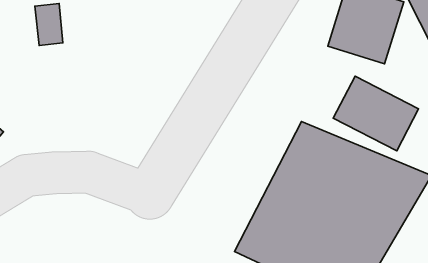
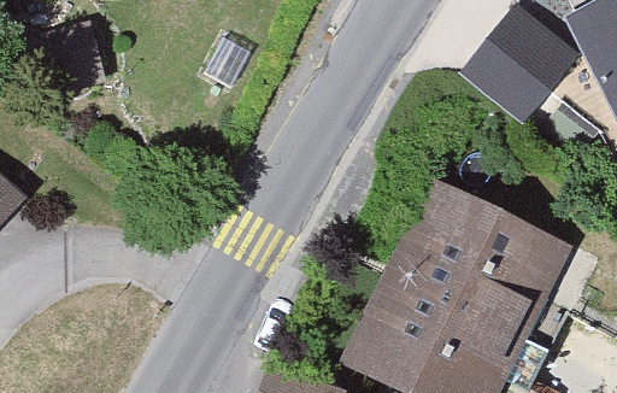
building: [333,76,419,151] -> none

